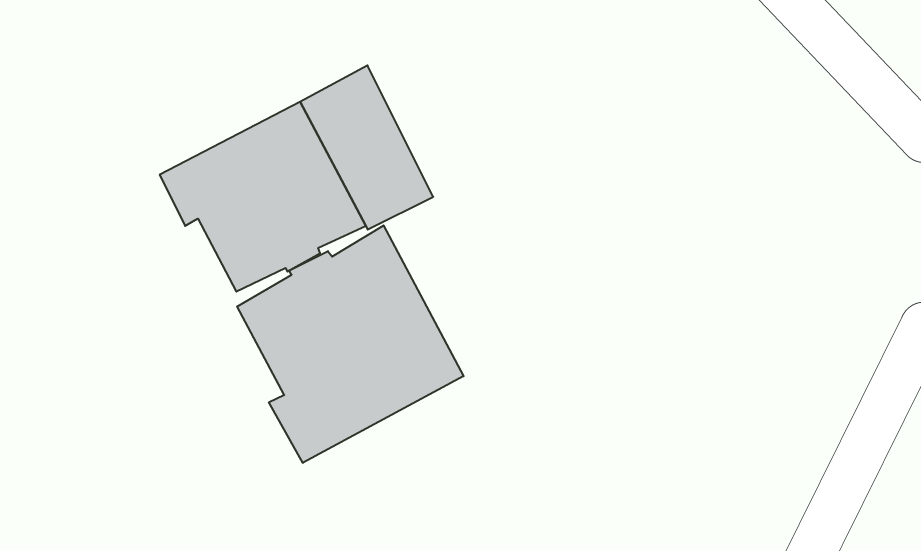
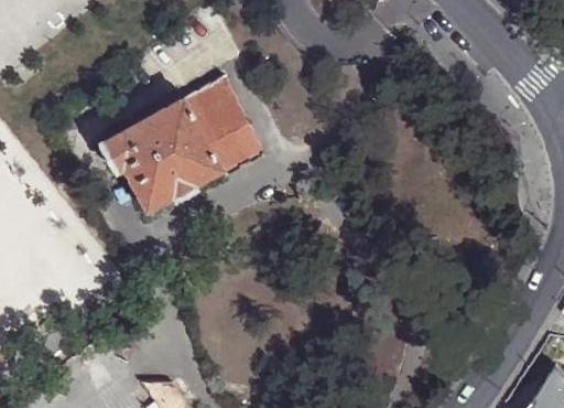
building: [237,225,464,463] -> none

